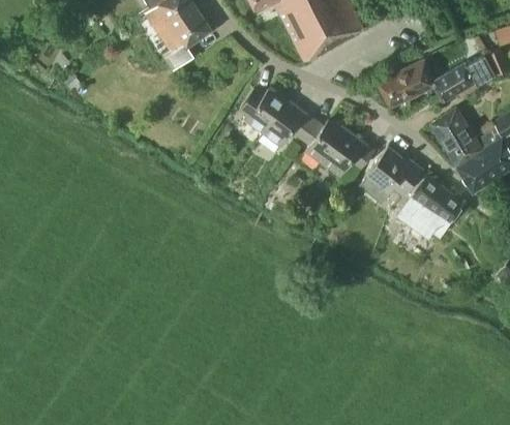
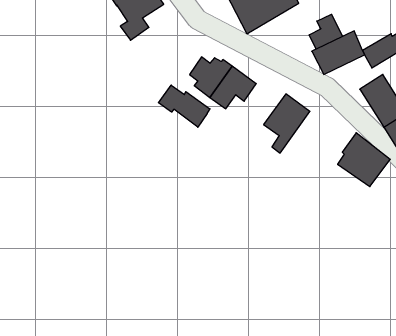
building: none -> [309,14,343,49]
building: [301,118,348,163] -> none
building: none -> [158,85,210,127]
building: [359,146,423,201] -> none

